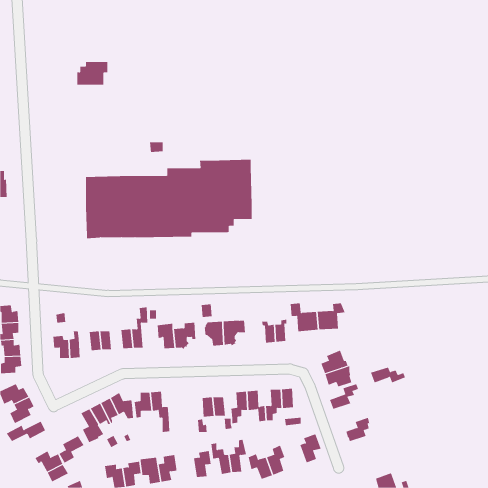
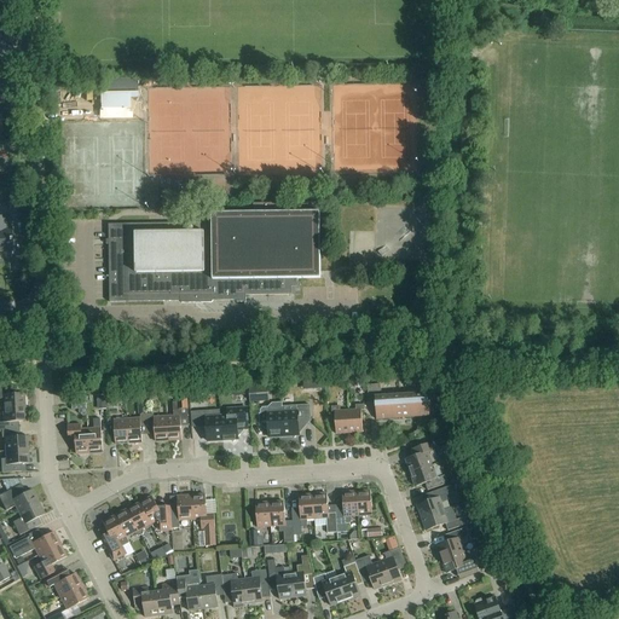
building: [370,367,406,383] -> [421,509,465,530]
building: [59,436,84,463] -> [33,543,65,578]
building: none -> [441,550,478,575]
building: none -> [354,554,387,589]
building: none -> [221,572,248,607]

